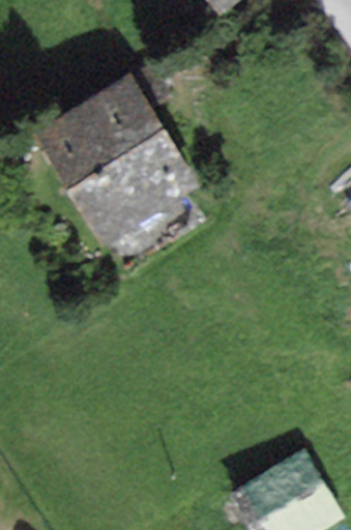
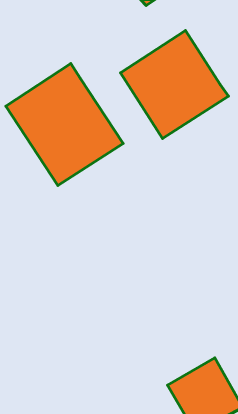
building: none -> [120,30,228,139]

